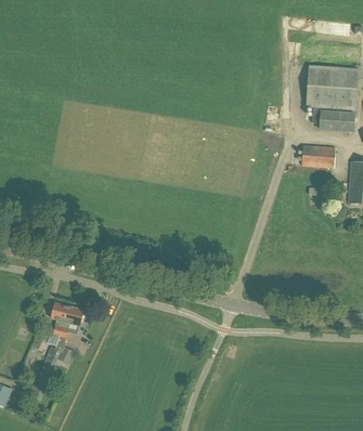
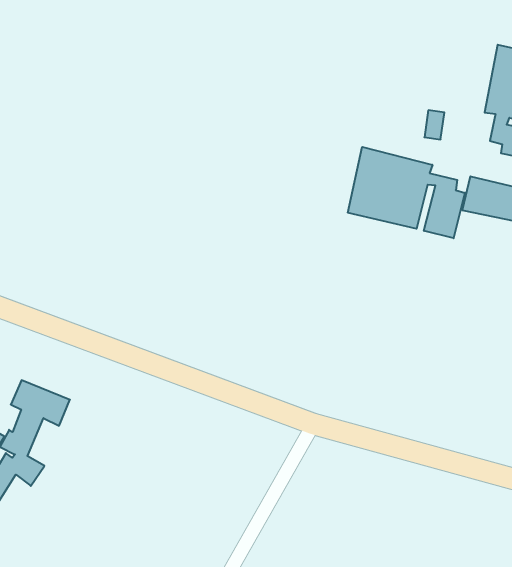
building: none -> [348,147,465,238]

